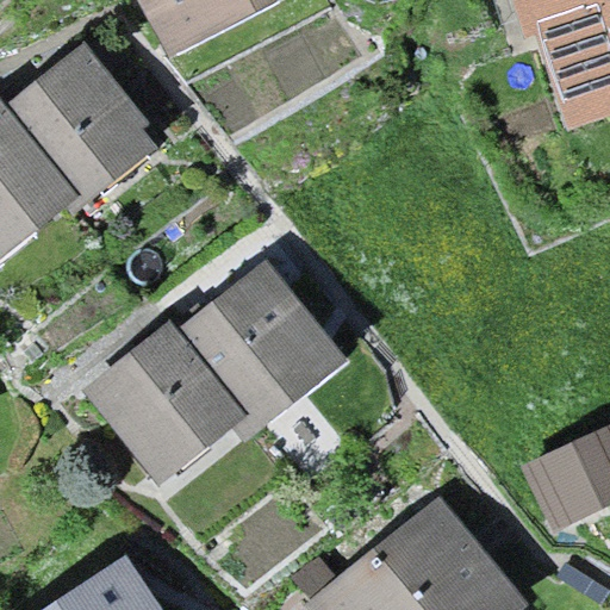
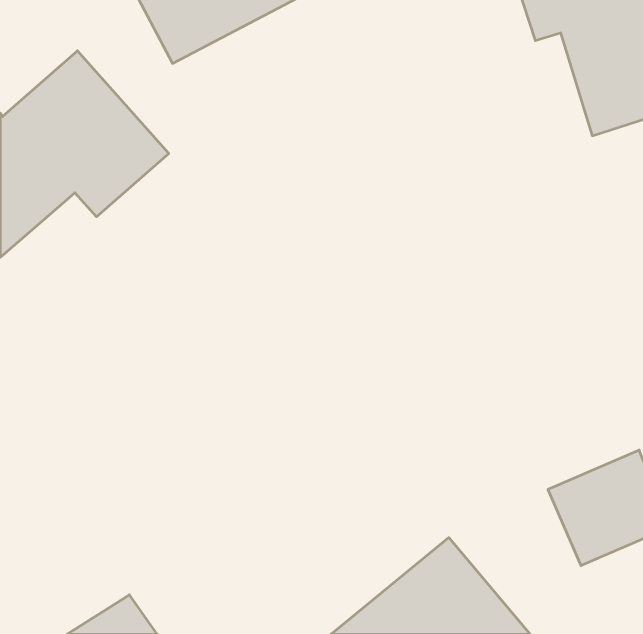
building: [86,262,347,480] -> none

